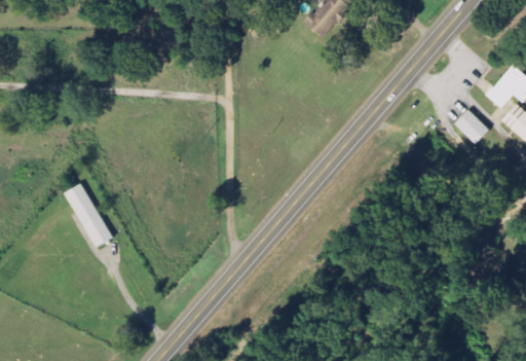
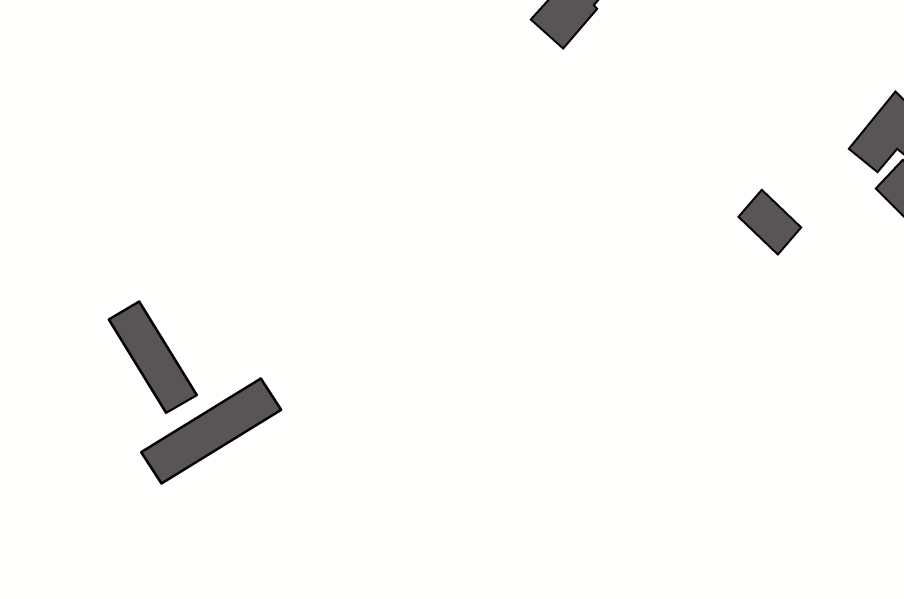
building: [455,108,491,145] -> [738,190,801,254]
building: none -> [141,379,281,484]

